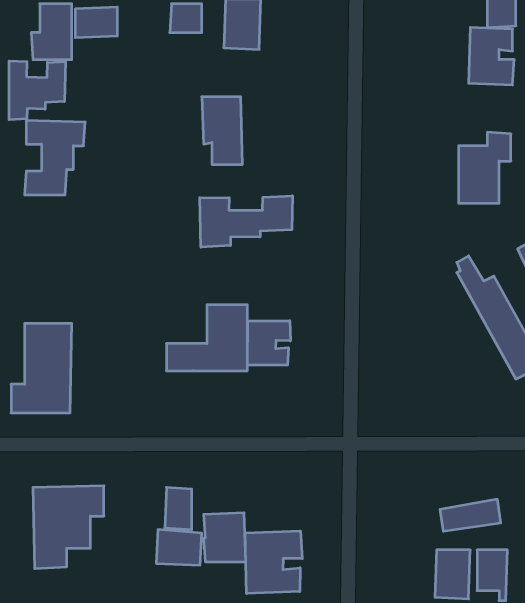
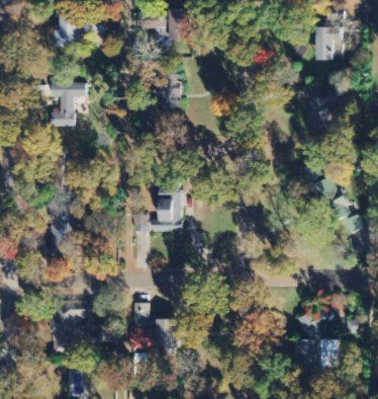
building: [9,61,65,120] -> none
building: [200,196,292,247] -> none
building: [247,321,290,365] -> none
building: [245,531,302,594] -> none

